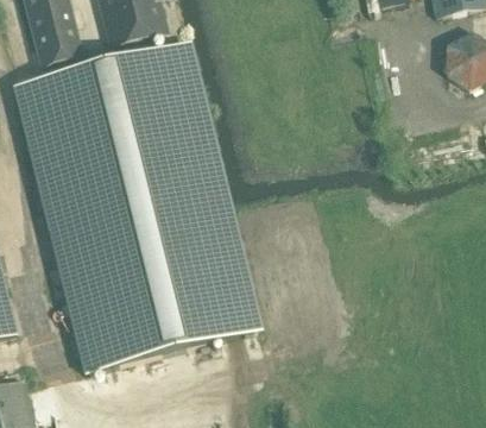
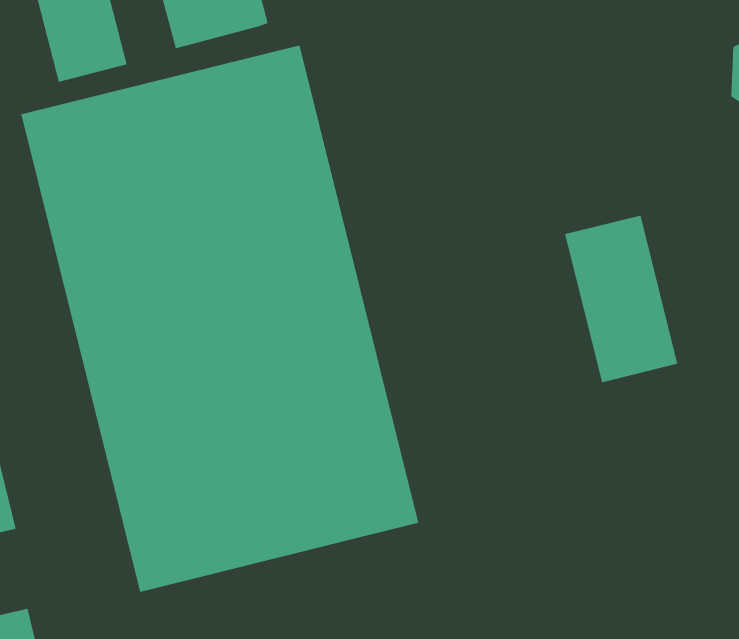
building: none -> [565,215,678,383]

